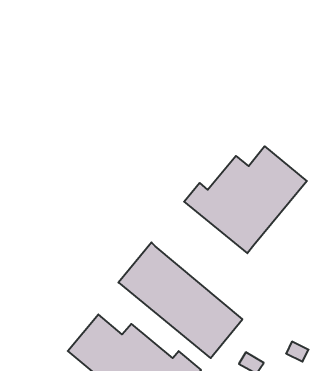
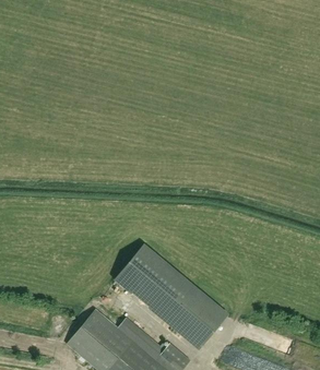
building: [184,146,307,253] -> none

